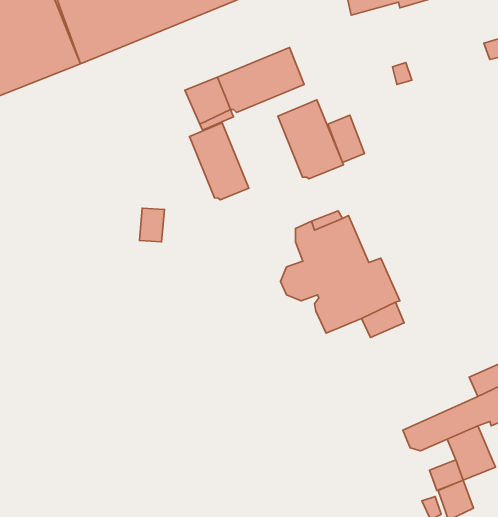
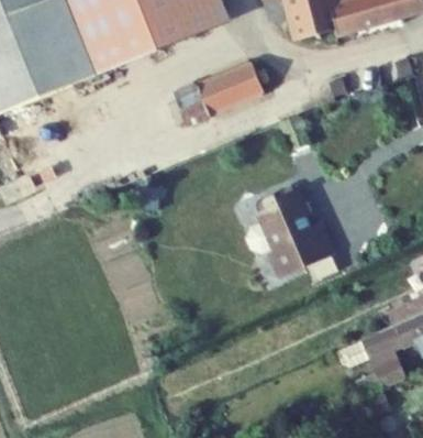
building: [278,100,343,179] -> none
building: [190,123,249,200] -> none

